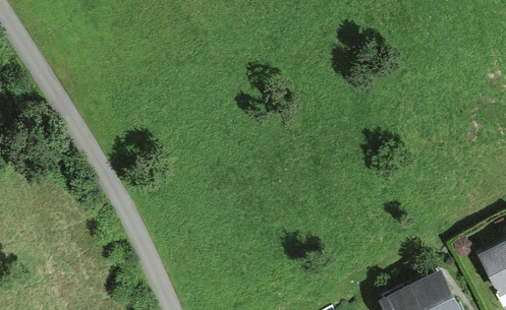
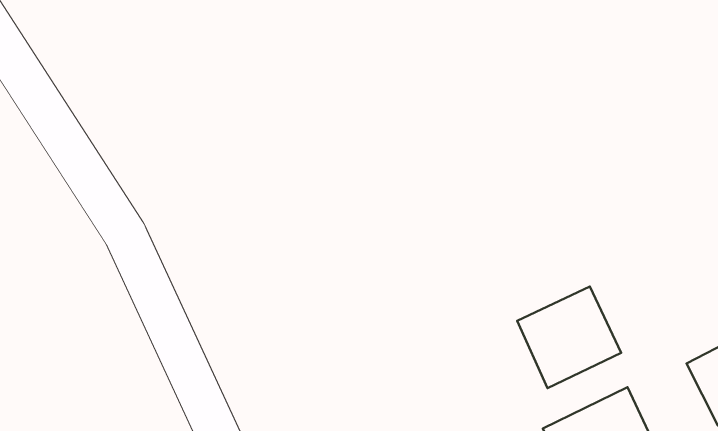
building: none -> [517,287,621,388]

